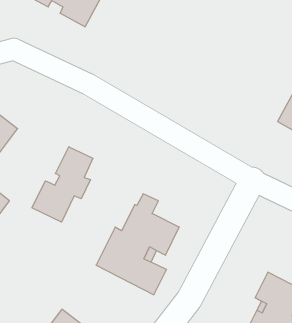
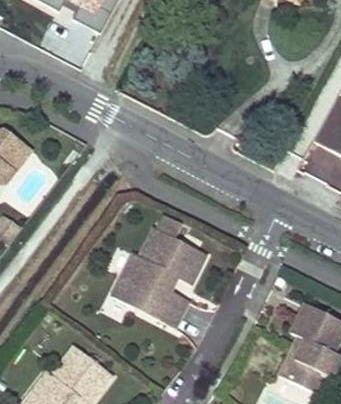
building: [32,147,93,222] -> none

